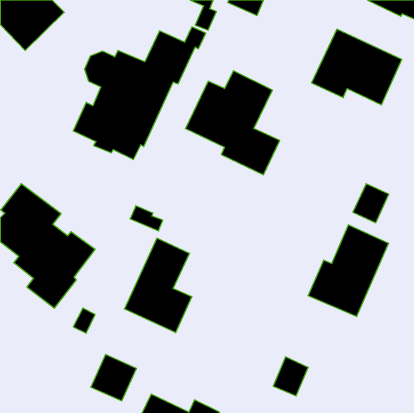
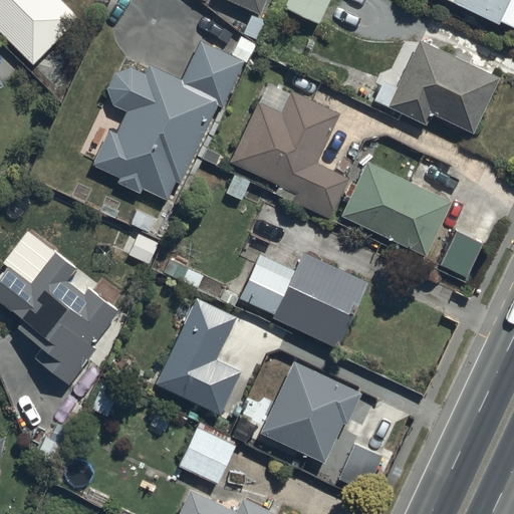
building: none -> [339,161,451,254]
building: none -> [220,251,365,346]
building: [308,225,389,317] -> none
building: none -> [259,361,360,462]
building: [91,355,136,401] -> [179,427,235,484]

